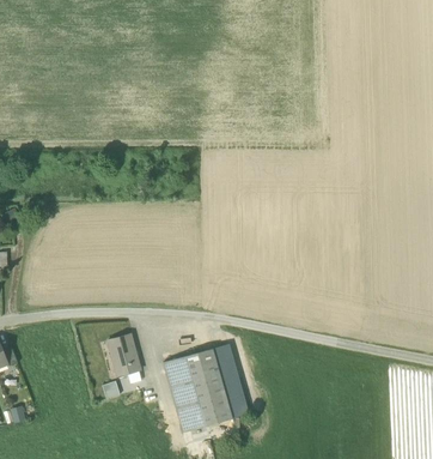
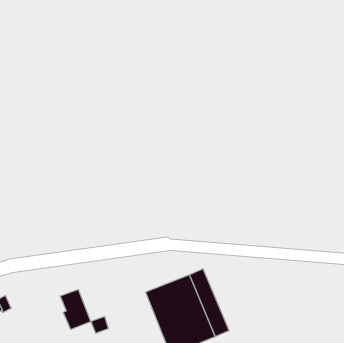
building: [110,333,140,375] -> [60,290,91,329]

